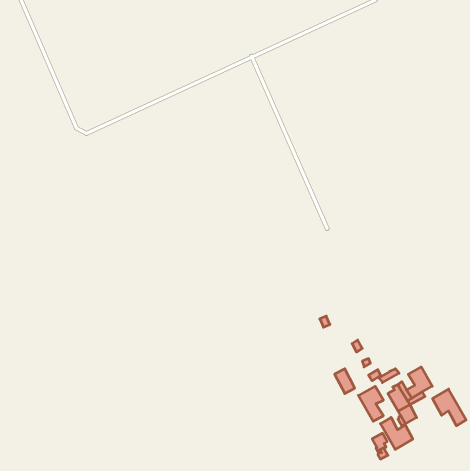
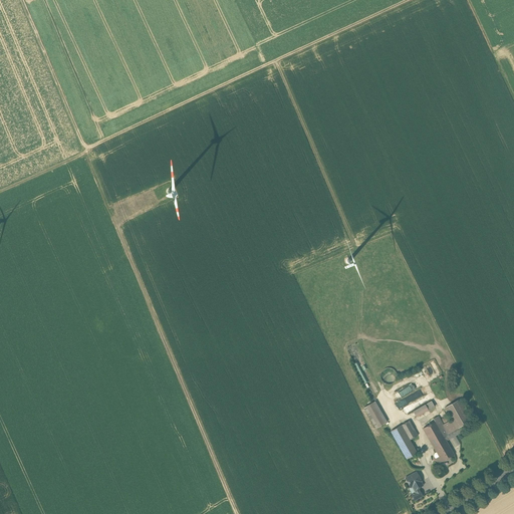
building: [433,389,466,426] -> none
building: [380,417,413,449] -> none

